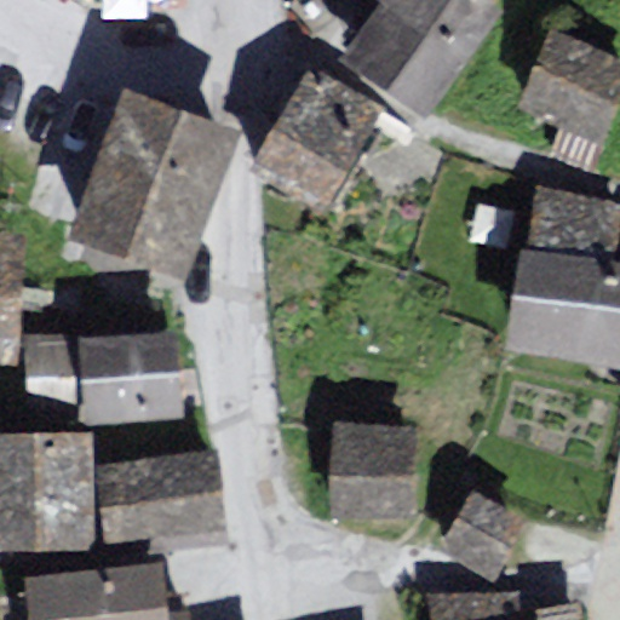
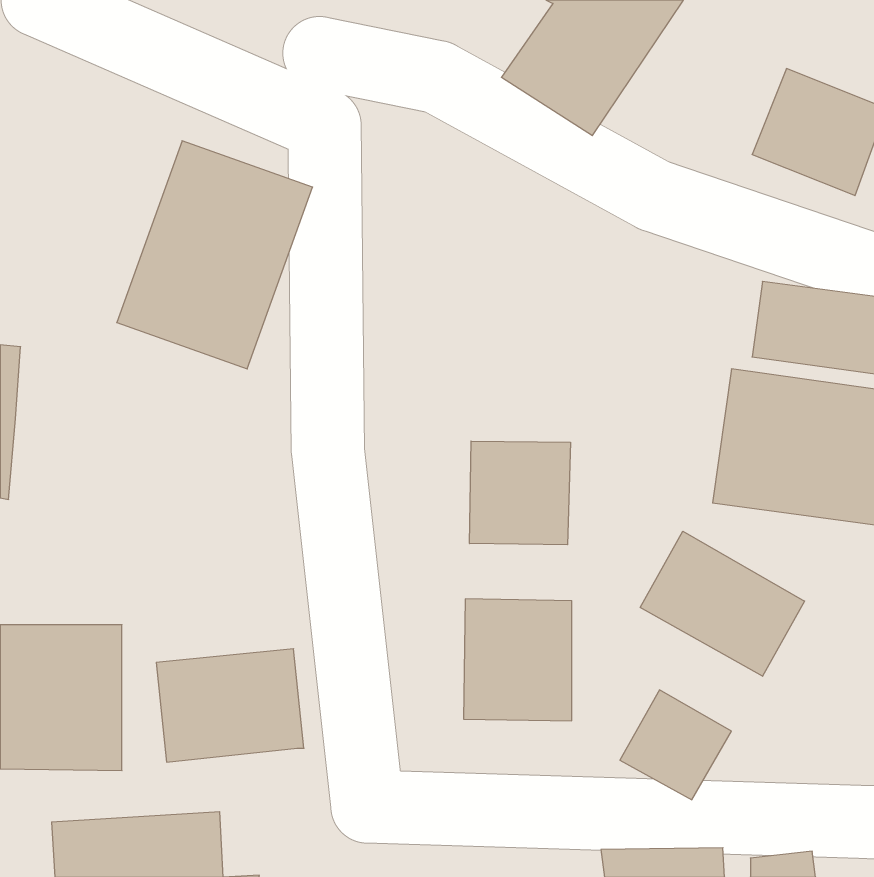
building: [264,80,374,199] -> none
building: none -> [470,441,570,545]
building: [38,337,179,415] -> none
building: none -> [640,531,805,676]

